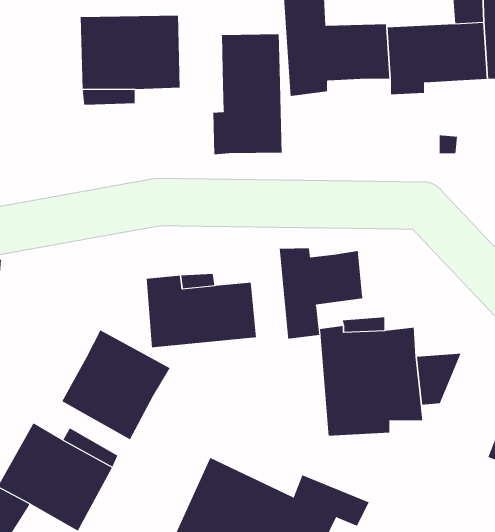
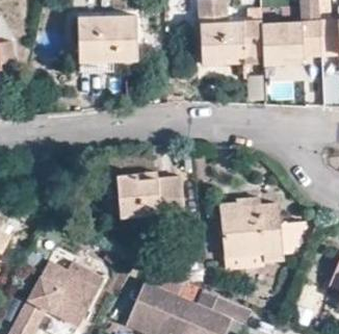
building: [213,33,282,155] -> none
building: [279,248,363,340] -> none
building: [61,330,170,440] -> none

